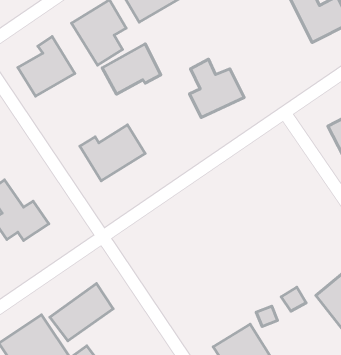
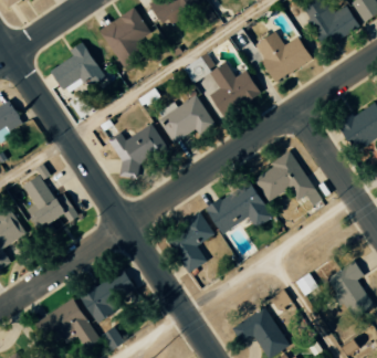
building: none -> [254,31,311,82]
building: [102,44,161,94] -> [159,96,213,143]
building: none -> [253,152,322,206]
building: none -> [205,181,271,234]
building: none -> [169,212,214,272]

